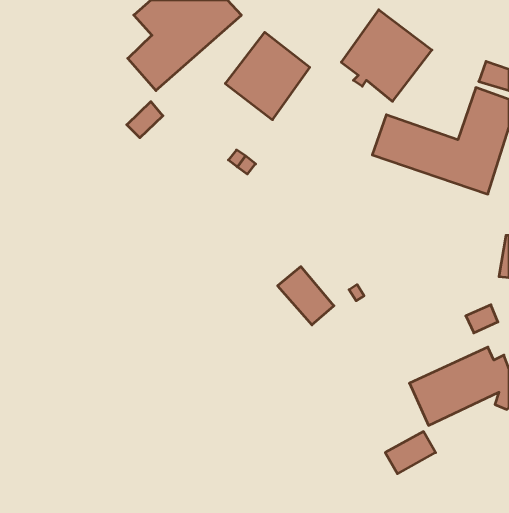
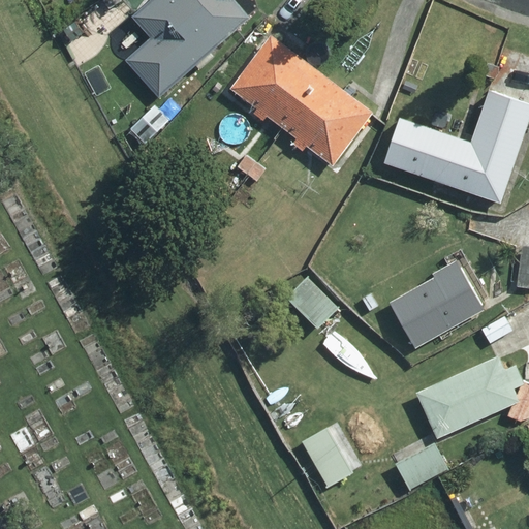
building: [341,10,432,101] -> [280,70,373,164]
building: none -> [390,261,480,346]
building: none -> [302,426,354,487]

